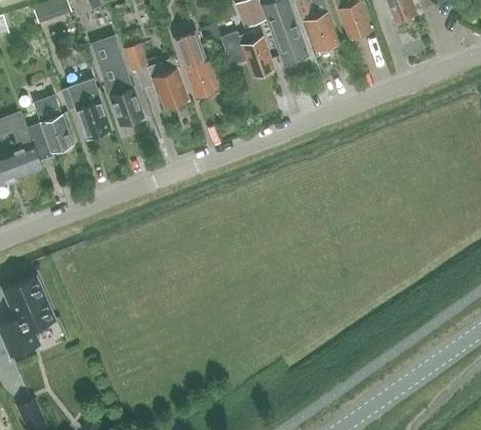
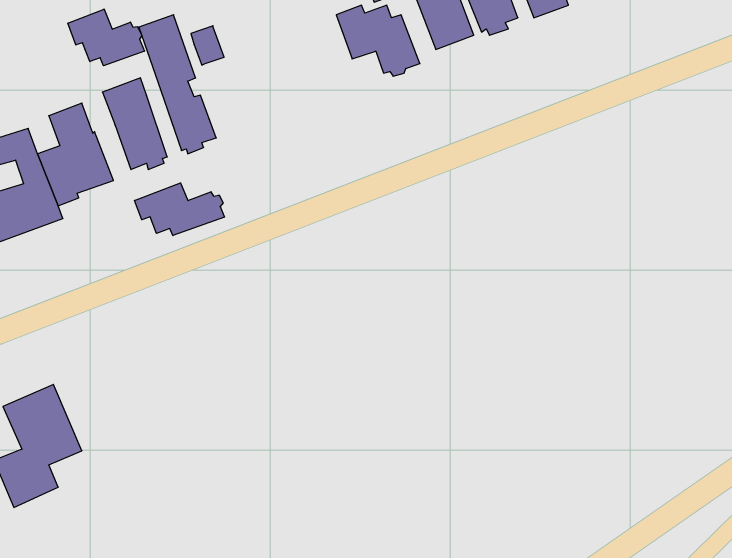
building: [172,32,219,97] -> none
building: none -> [68,9,144,66]
building: [147,58,188,109] -> none
building: none -> [135,183,225,236]

